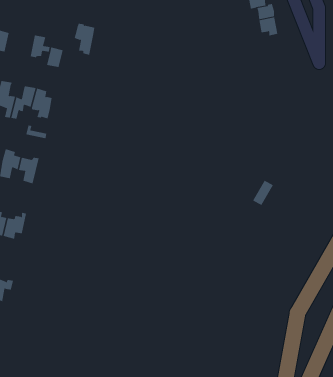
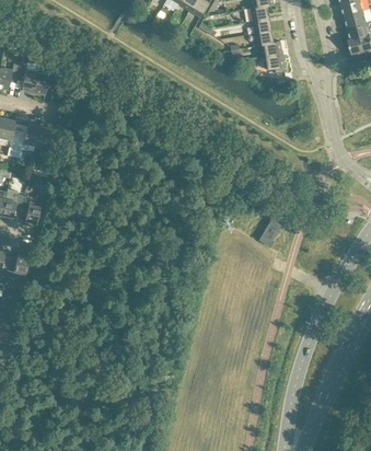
building: [74,23,95,56] -> [15,61,37,94]

